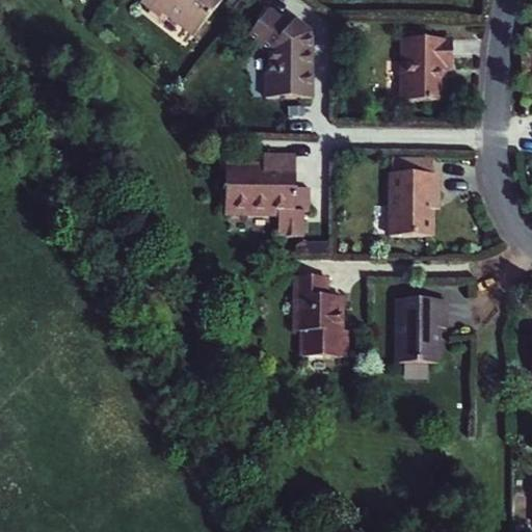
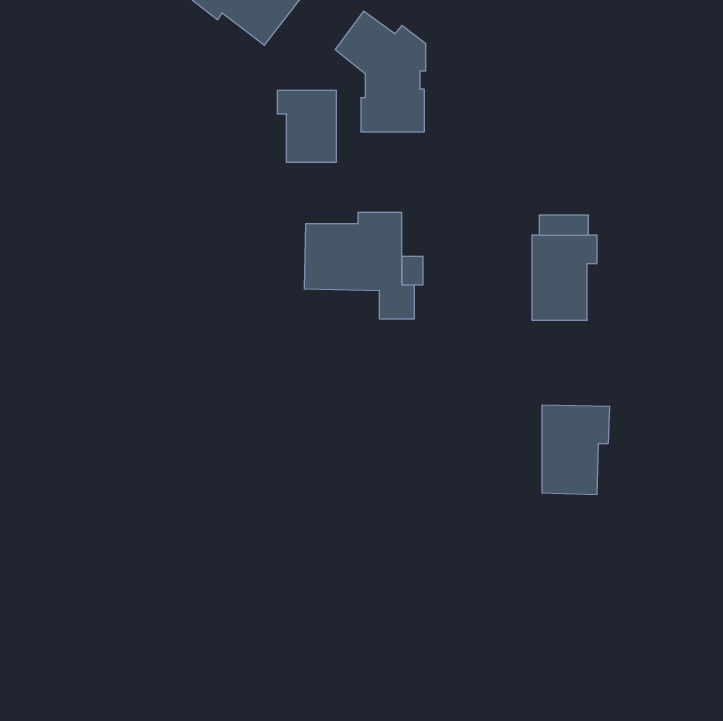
building: [402,37,452,100] -> none
building: none -> [278,90,336,162]
building: [295,275,347,355] -> none

